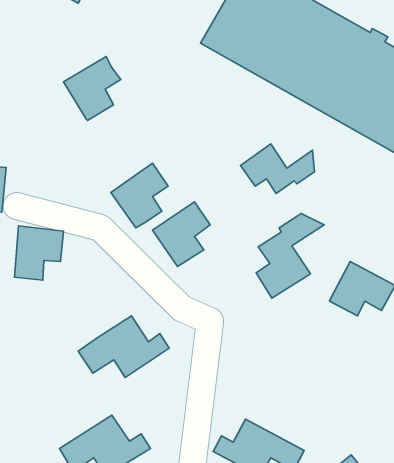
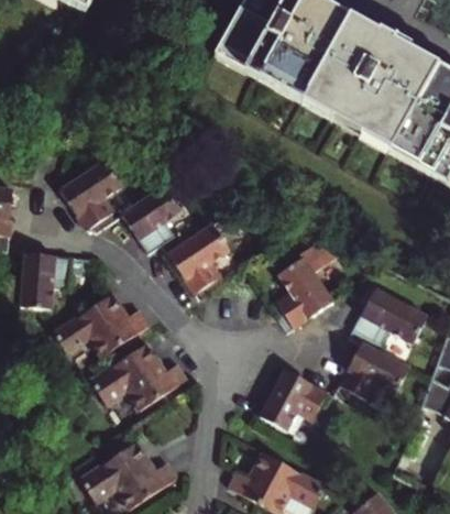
building: [63,57,121,120] -> [64,160,124,227]
building: [241,144,315,193] -> none
building: none -> [53,293,146,367]
building: none -> [339,341,408,398]
building: none -> [261,369,328,429]

